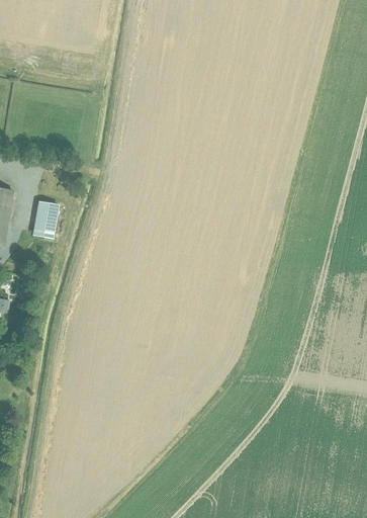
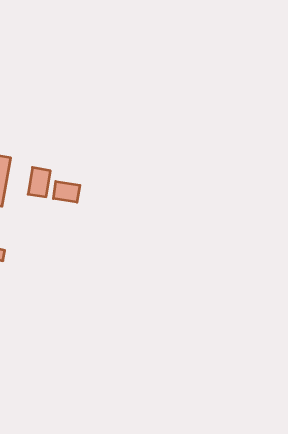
building: none -> [53,181,80,202]

